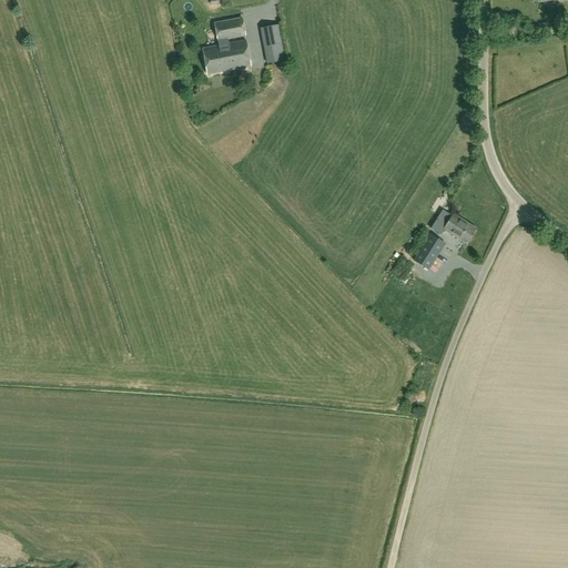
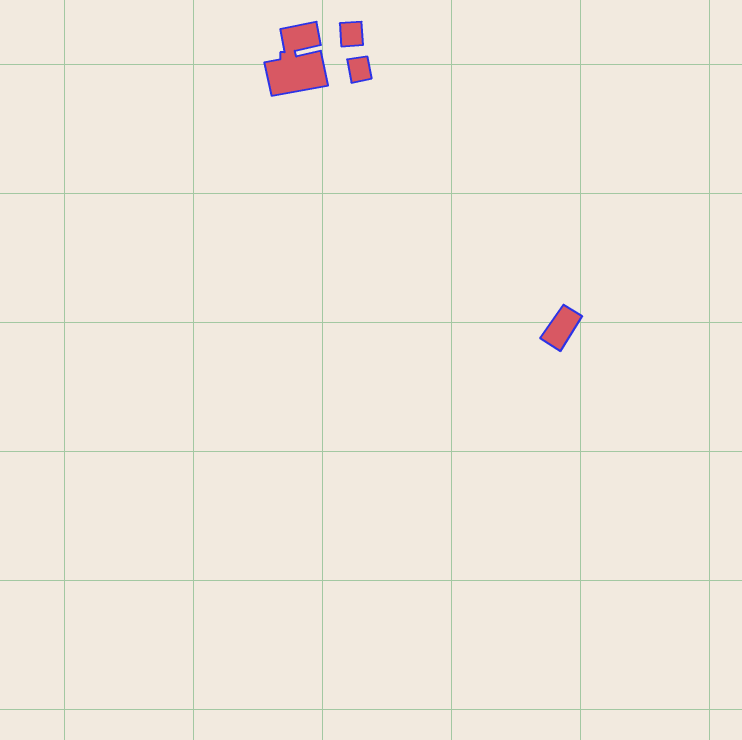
building: [444,213,476,243] -> none

